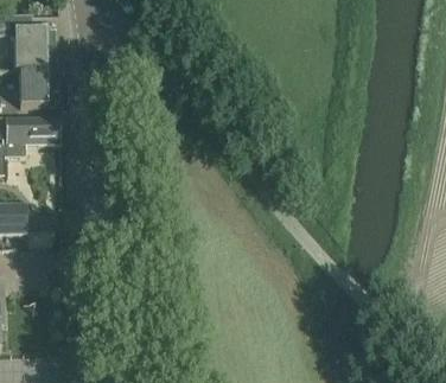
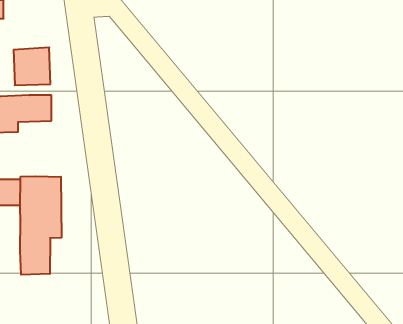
building: [14,27,58,66] -> none
building: none -> [20,176,61,275]

